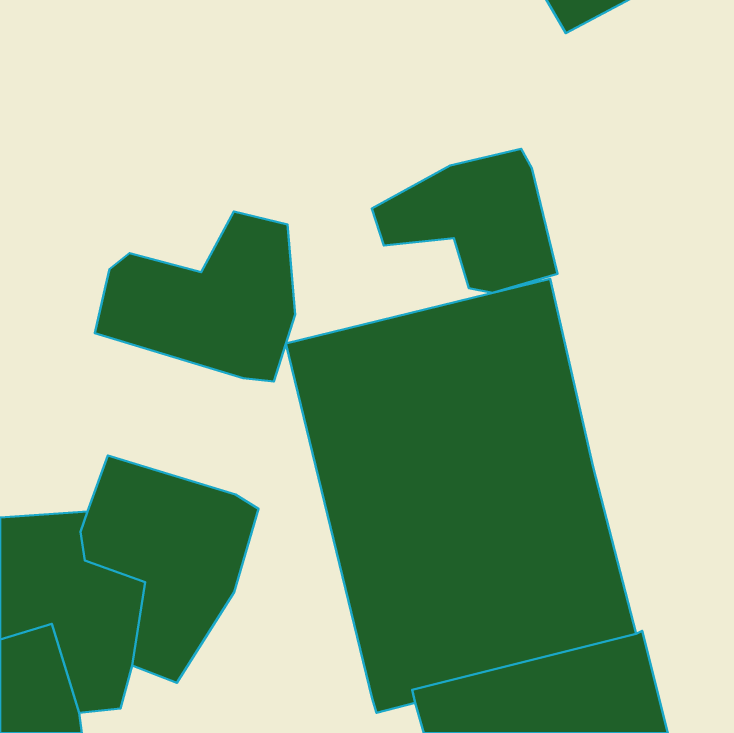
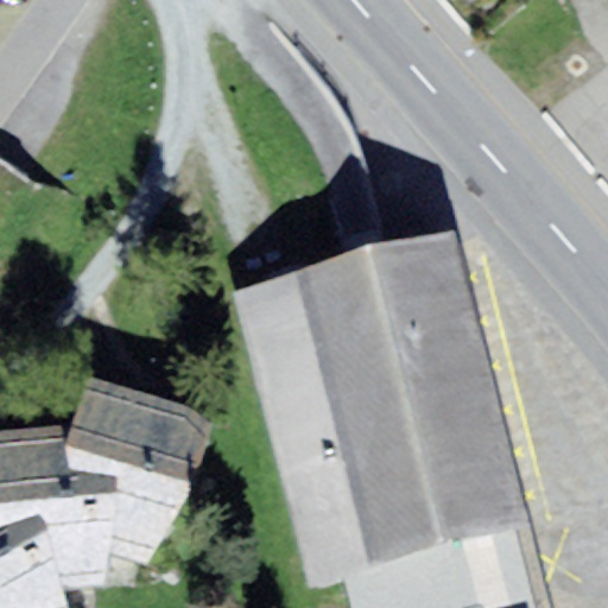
building: [372,149,557,293] -> none
building: [95,211,295,382] -> none

